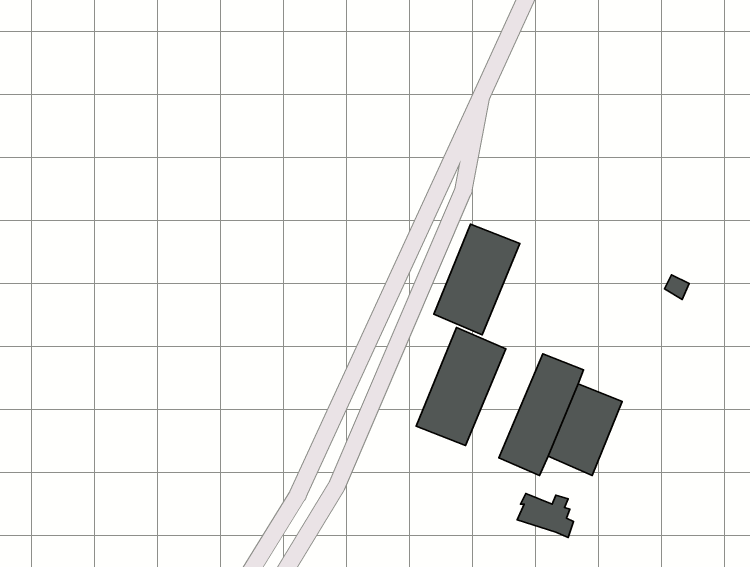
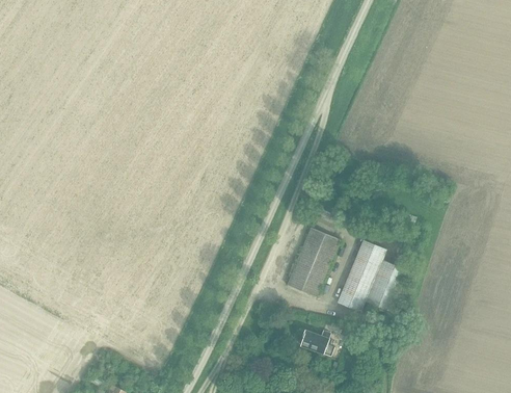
building: [434,224,520,335] -> none
building: [517,493,573,537] -> [300,330,333,356]

